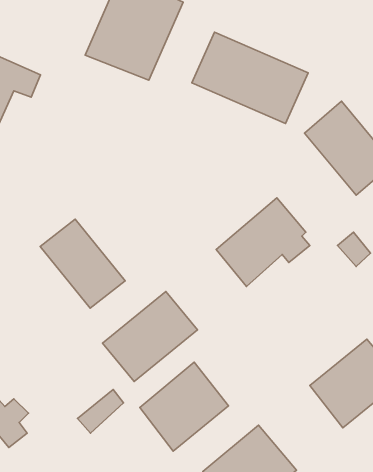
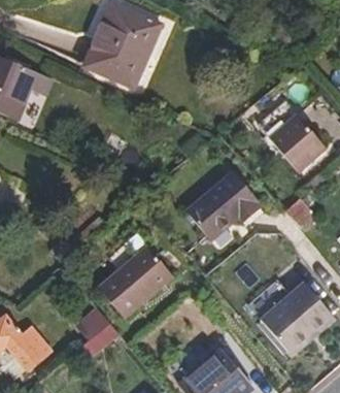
building: [192,32,308,124] -> none
building: [40,219,125,308] -> none
building: [140,362,229,451] -> none

